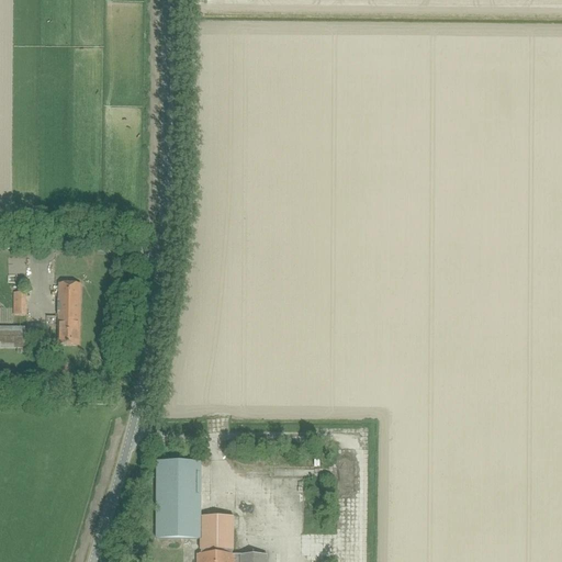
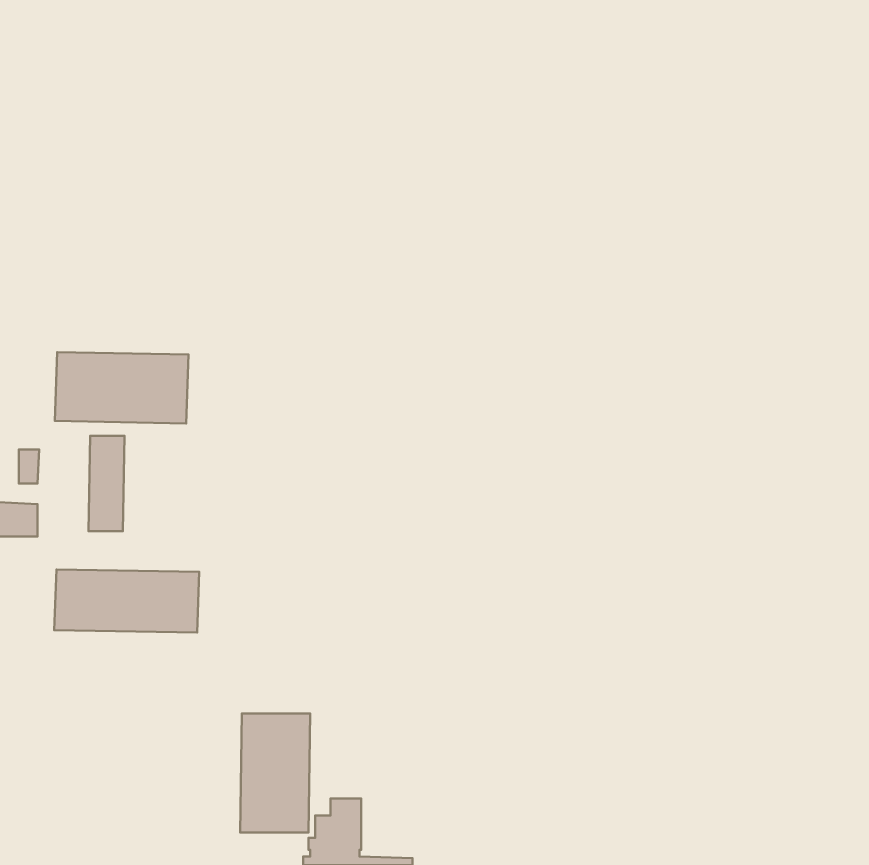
building: none -> [55,352,189,423]
building: none -> [54,569,199,633]

